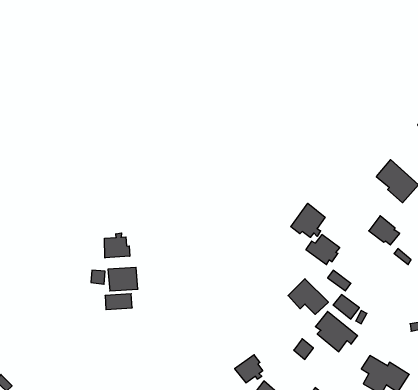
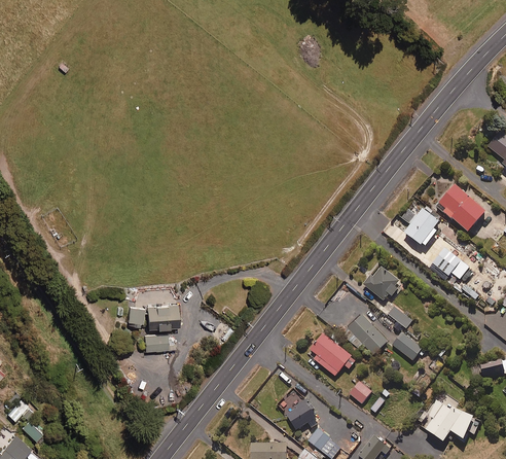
building: none -> [405,208,440,247]
building: [291,203,325,237] -> none
building: [105,233,130,258] -> none
building: [315,311,358,352] -> [310,332,356,377]

